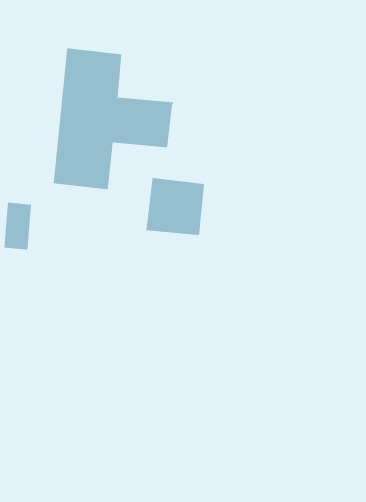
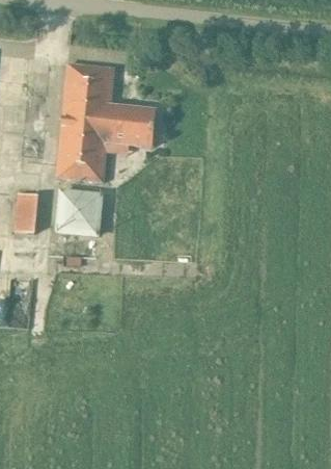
building: [146,178,205,236] -> [55,187,105,236]

